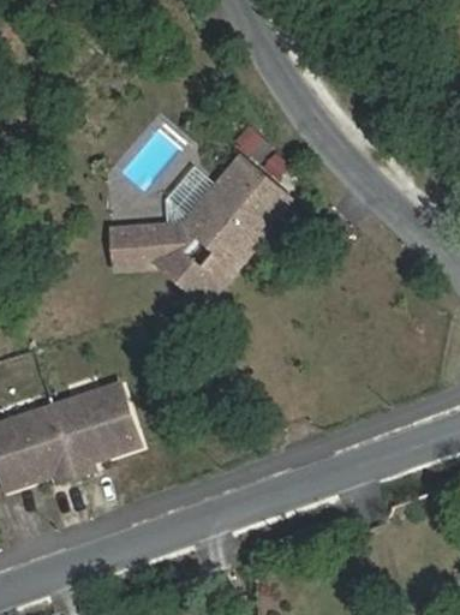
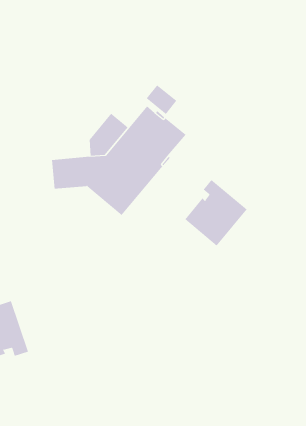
building: none -> [184,179,248,246]
building: [55,384,142,474] -> none

